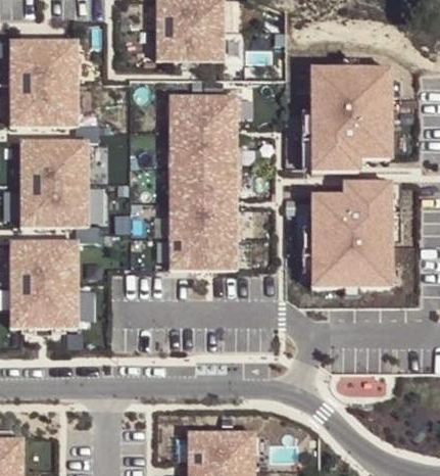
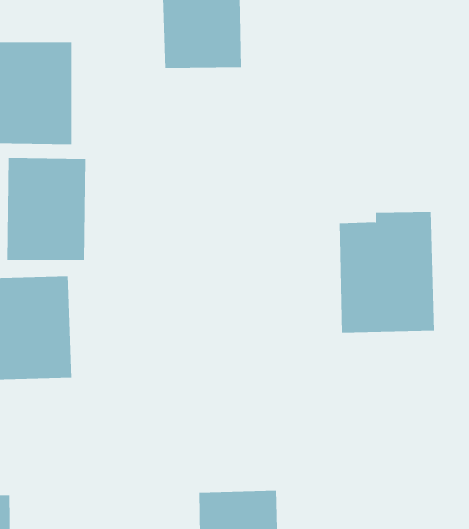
building: [310,65,391,163] -> none
building: [167,94,242,271] -> none

